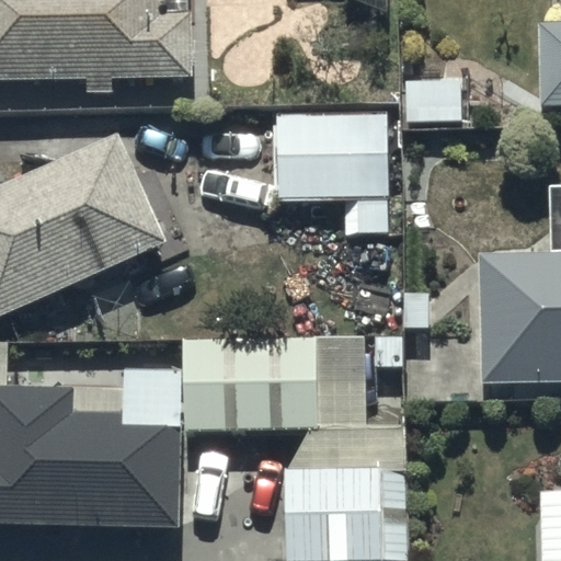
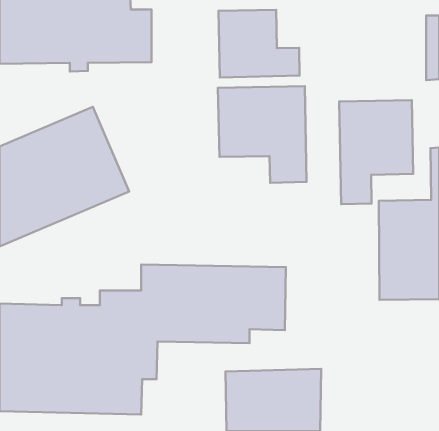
building: none -> [218,10,300,77]
building: none -> [339,100,413,204]

